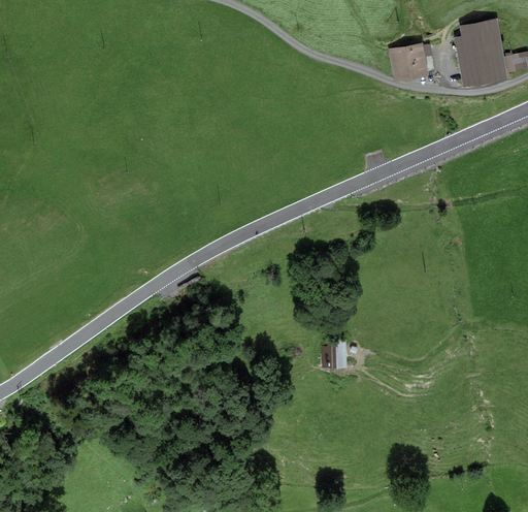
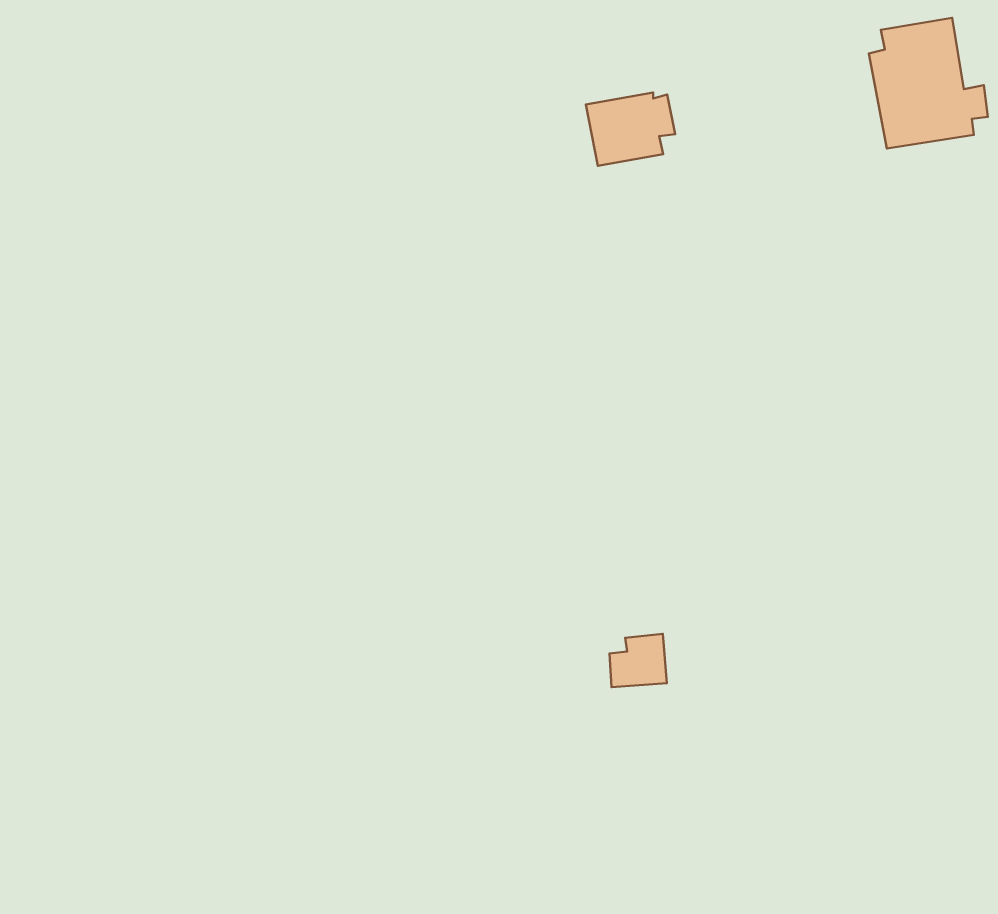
building: [388,42,434,81] -> [586,93,675,166]

